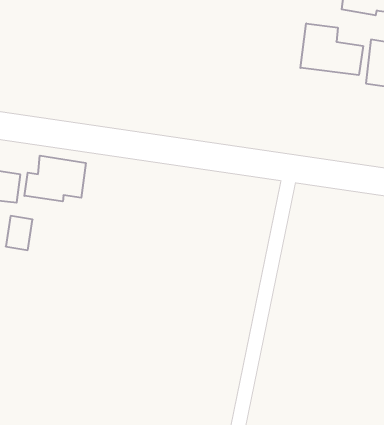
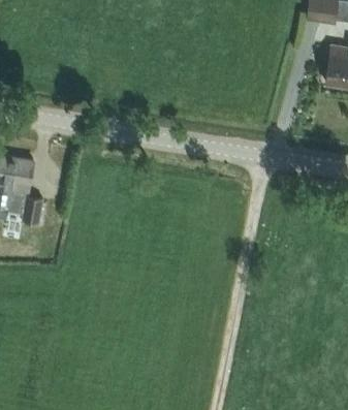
building: [300,23,363,75] -> none
building: [24,156,86,201] -> none

